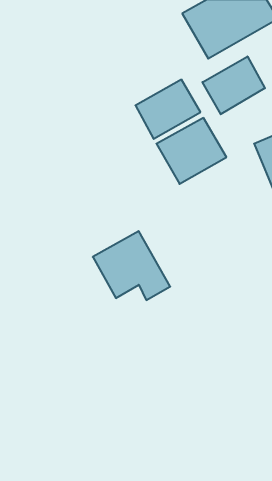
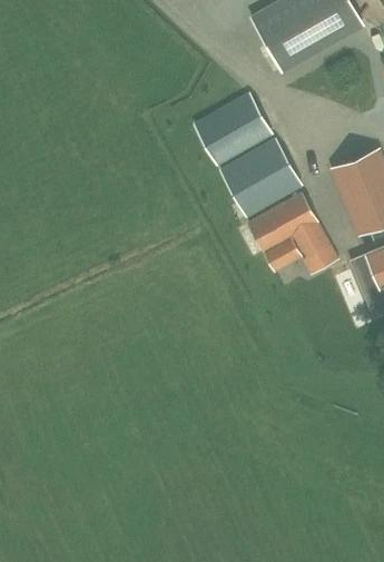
building: [202,56,265,114] -> none
building: [93,231,170,300] -> [247,193,337,273]

